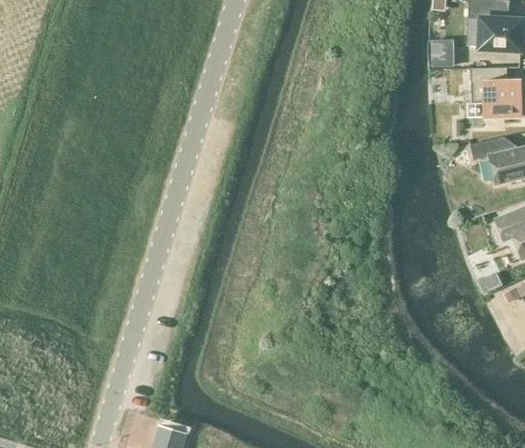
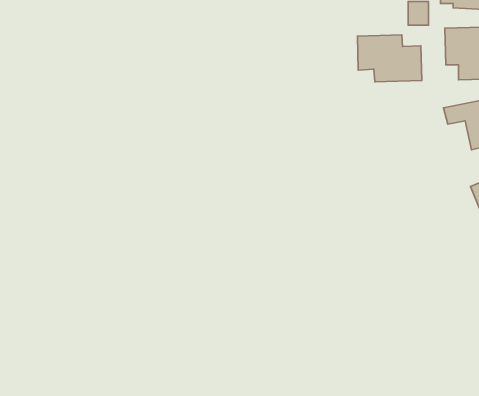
building: none -> [357,35,422,82]

